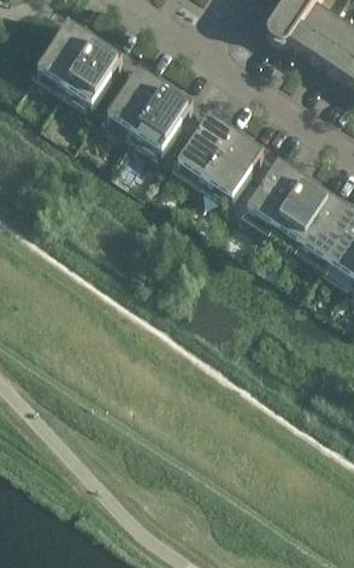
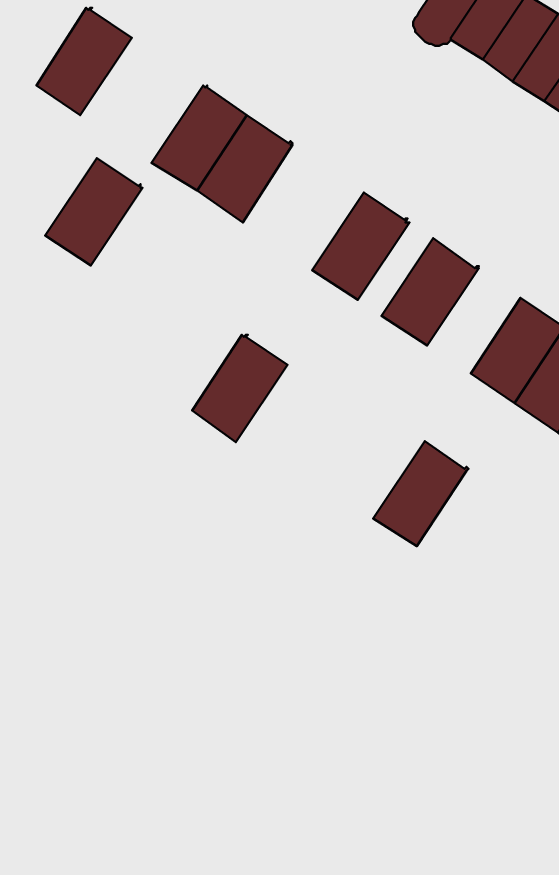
building: [61,40,120,105] -> [45,158,142,265]
building: [176,116,234,181] -> [192,335,287,442]
building: [272,179,330,243] -> [373,441,468,546]

